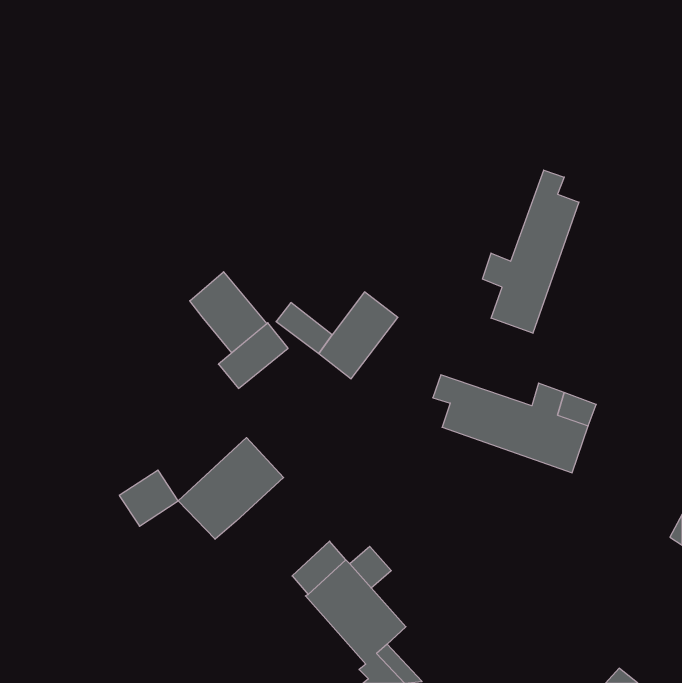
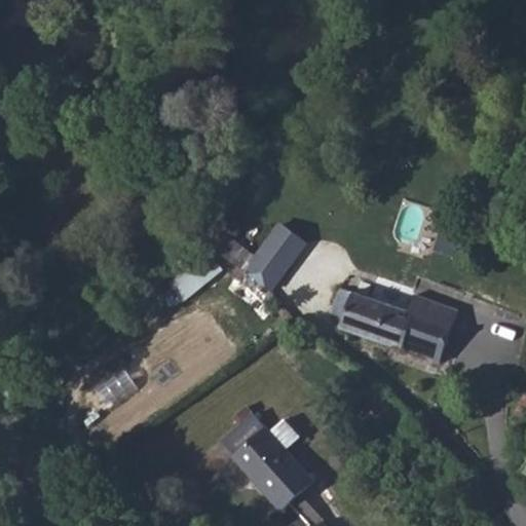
building: [482,170,579,333] -> none
building: [190,272,267,353] -> none
building: [178,438,284,539] -> none

